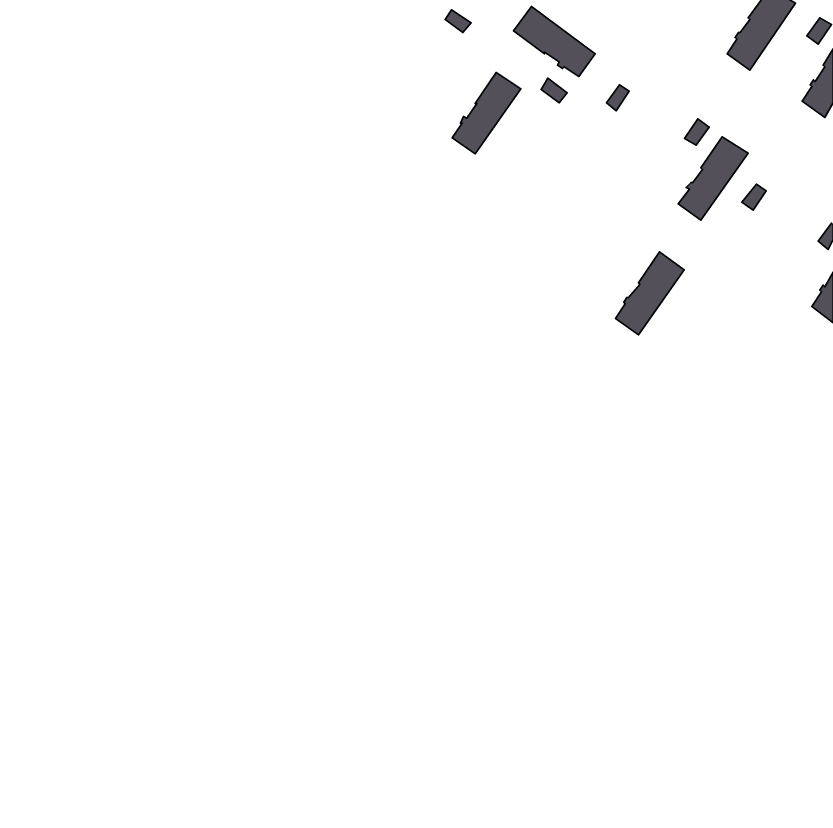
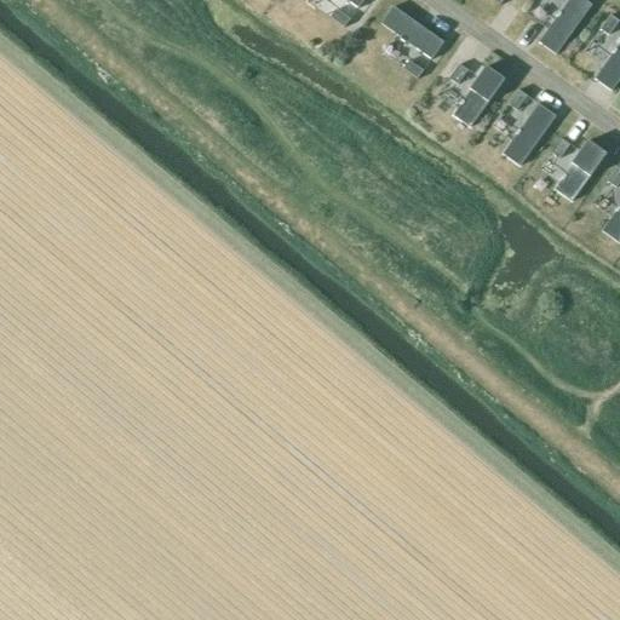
building: [452,72,521,154] -> [453,64,504,125]
building: [616,252,684,335] -> [555,138,605,200]

